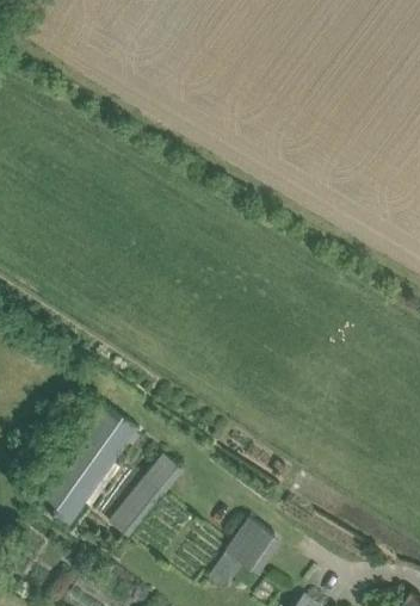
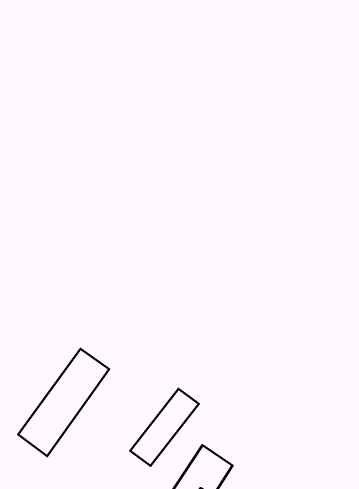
building: [104,450,180,536] -> [130,389,199,466]

